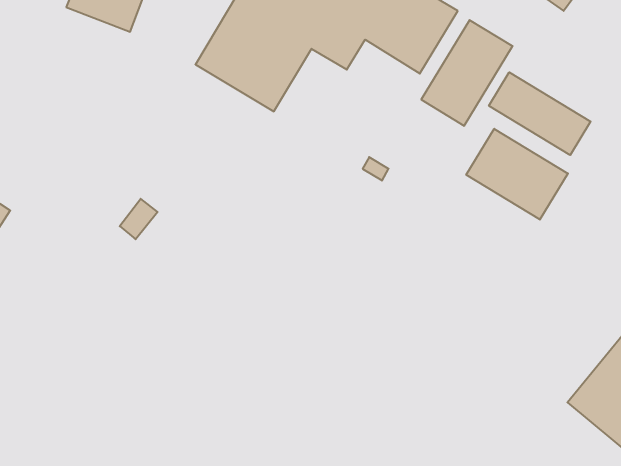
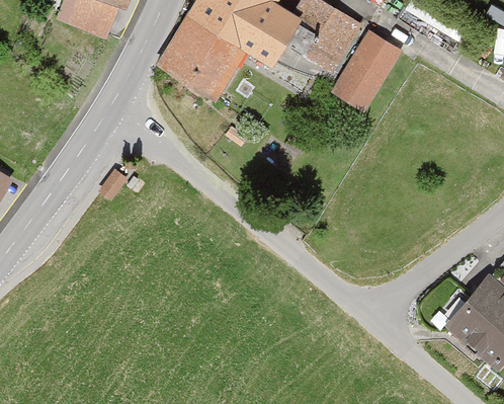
building: [489,72,591,155] -> none
building: [466,129,568,220] -> none

